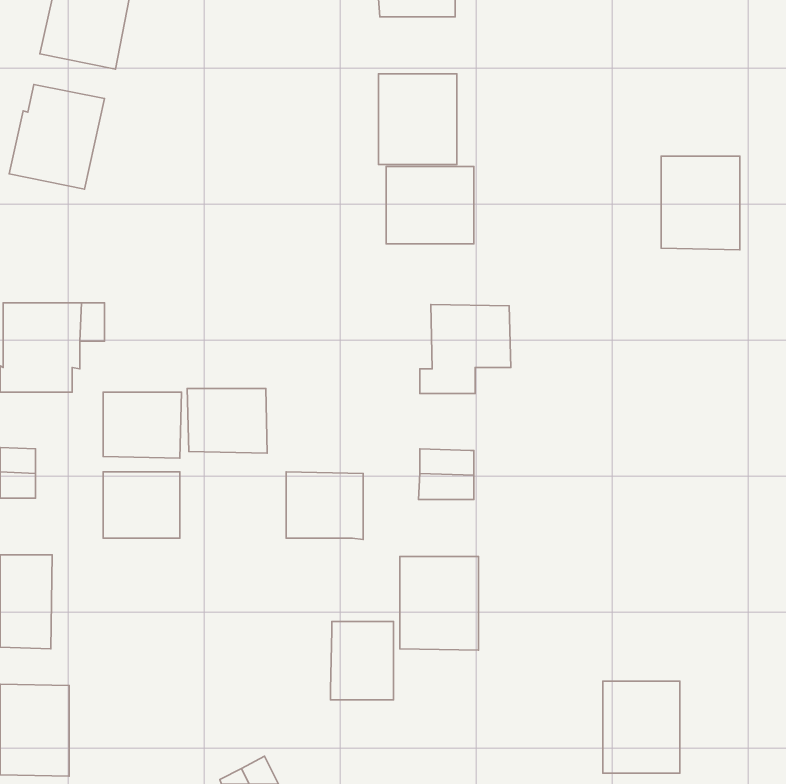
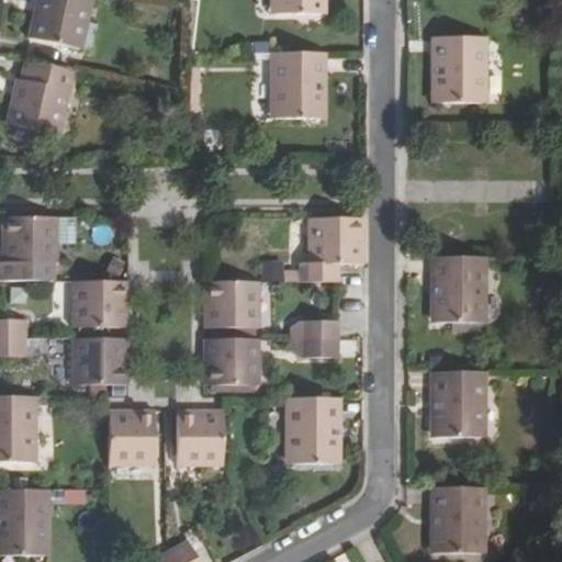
building: [661,156,740,250] -> [430,35,486,102]
building: [386,166,474,244] -> none
building: none -> [430,256,486,323]
building: [187,389,267,453] -> [203,281,260,327]
building: none -> [430,370,485,437]
building: none -> [109,409,156,465]
building: [330,621,393,700] -> [177,409,222,465]

